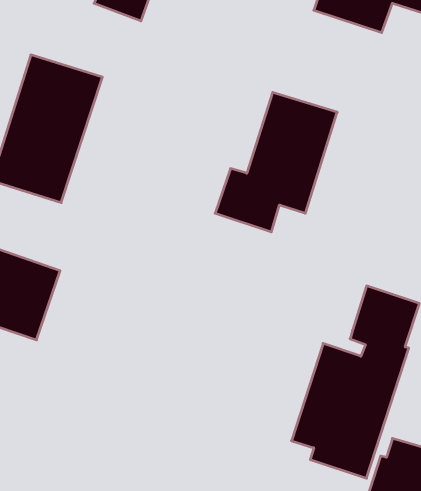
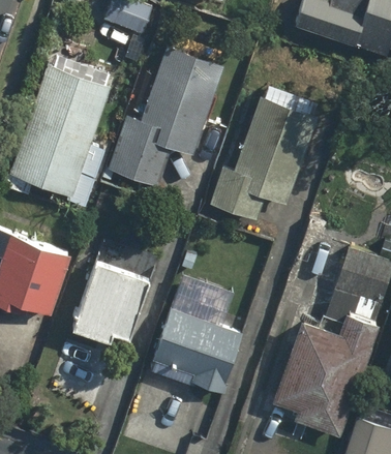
building: none -> [109,49,222,187]
building: none -> [71,263,150,343]
building: none -> [143,274,244,393]

